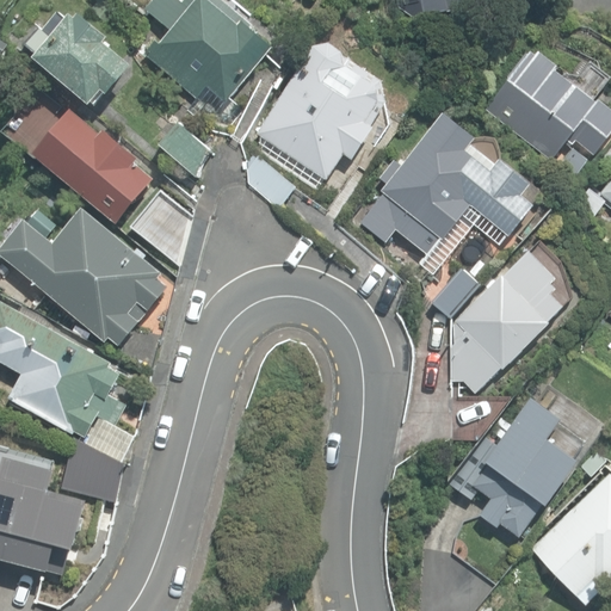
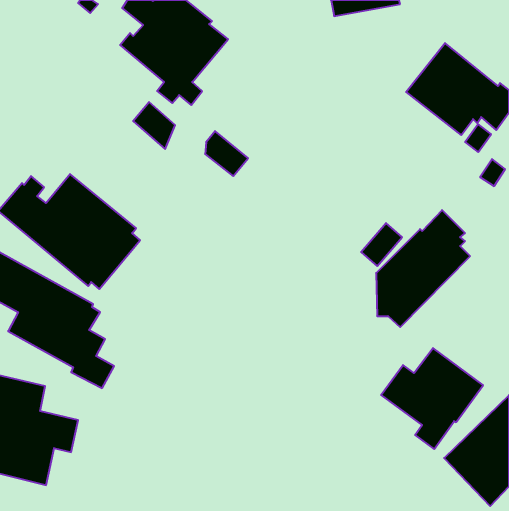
building: [24,11,131,104] -> none
building: [255,37,385,179] -> none
building: [32,109,154,224] -> none
building: [359,112,541,255] -> none
building: [61,437,122,500] -> none

